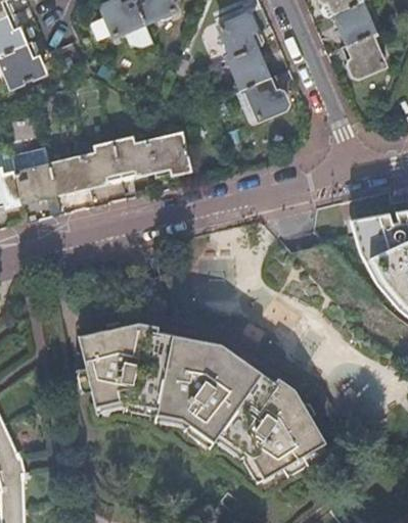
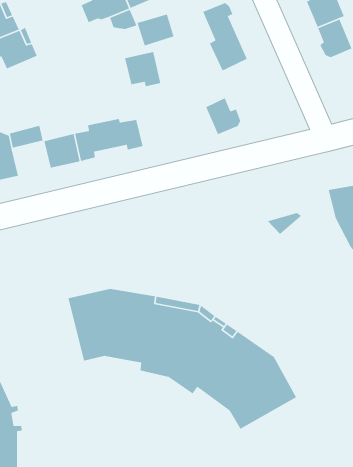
building: none -> [137,13,175,47]
building: [250,79,288,120] -> [205,97,241,135]
building: [151,136,191,175] -> [124,51,161,87]
building: [17,167,58,204] -> none

